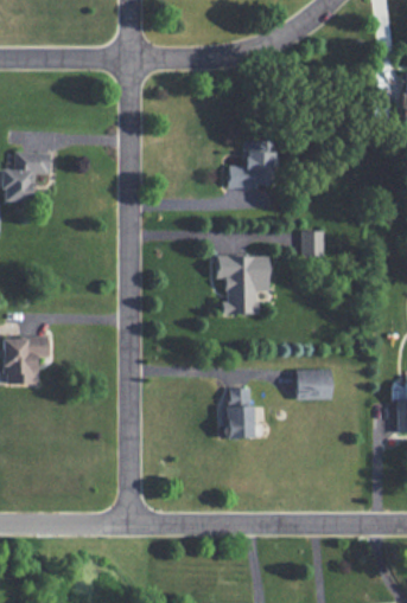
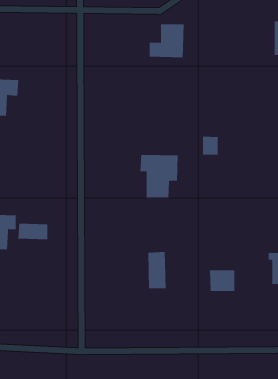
building: [228,141,276,187] -> [149,24,184,58]
building: none -> [18,223,48,240]
building: [295,370,331,399] -> [209,270,235,291]

